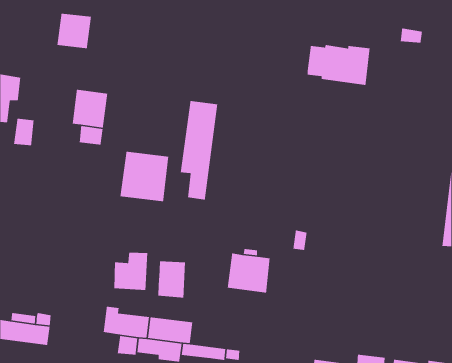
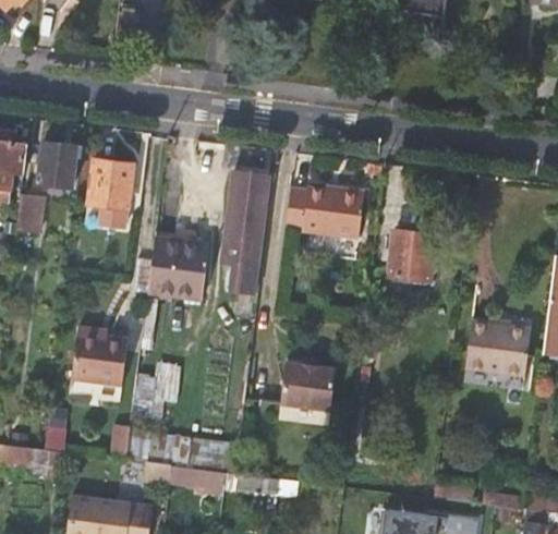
building: [56,13,92,49] -> [38,142,82,186]
building: [307,44,371,86] -> [284,186,363,238]
building: none -> [381,229,434,279]
building: none -> [465,319,531,371]
building: none -> [72,331,129,385]
building: [157,260,186,298] -> none

